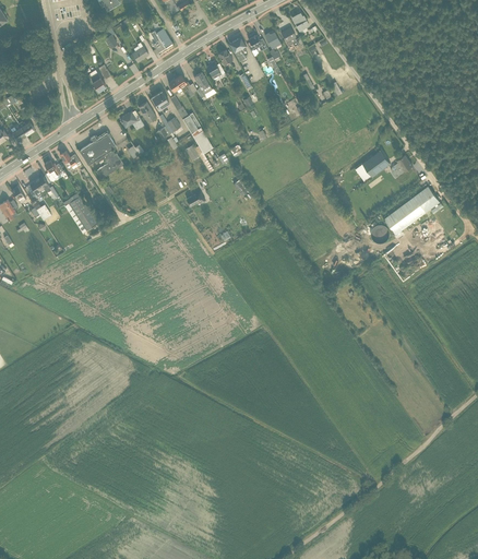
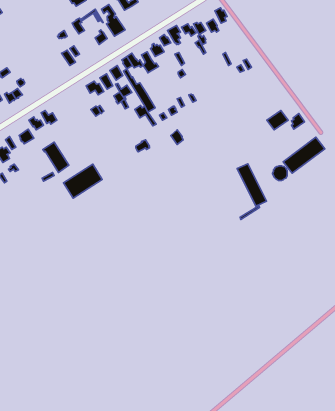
building: [77,130,122,177] -> none
building: none -> [237,164,266,206]
building: none -> [64,164,102,198]

